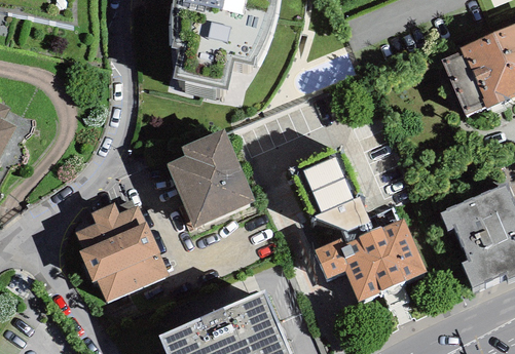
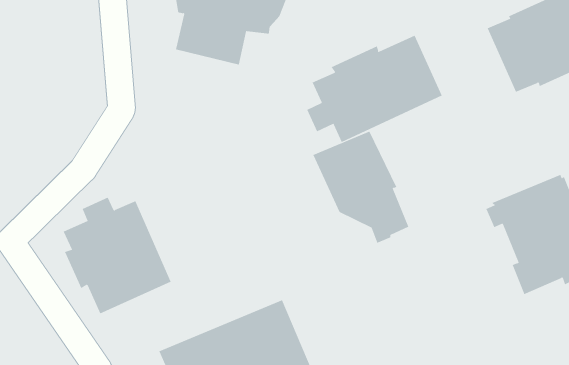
building: none -> [307,35,443,143]
building: [167,129,255,228] -> none
building: [314,220,427,302] -> none

